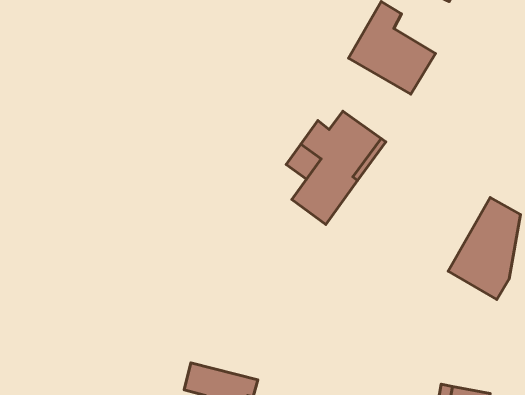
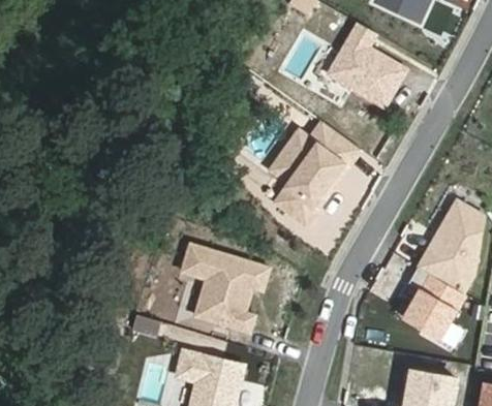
building: none -> [181,243,269,332]
building: none -> [403,267,465,339]

